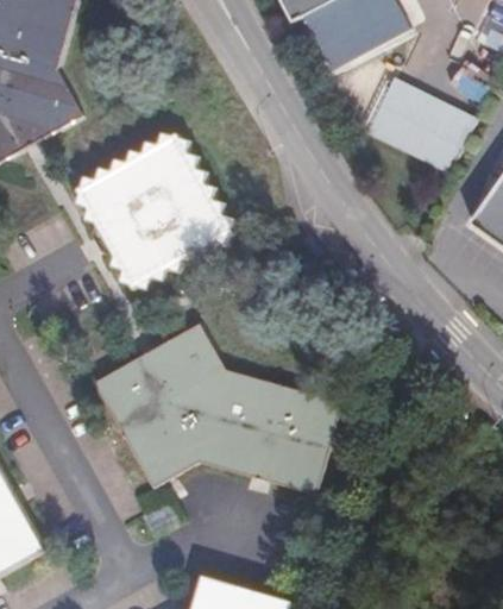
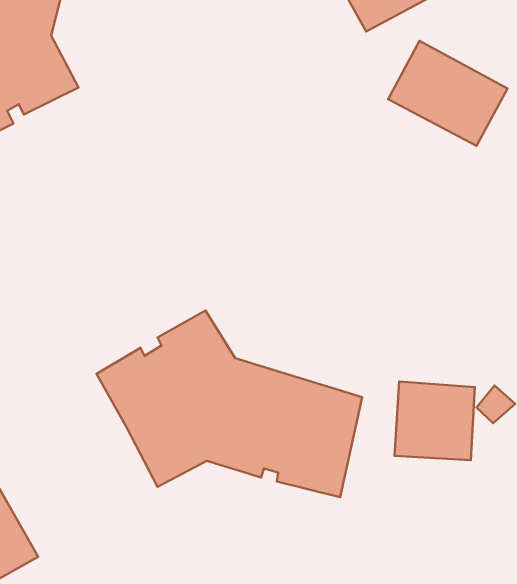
building: [74,134,231,291] -> none
building: none -> [395,382,475,460]

